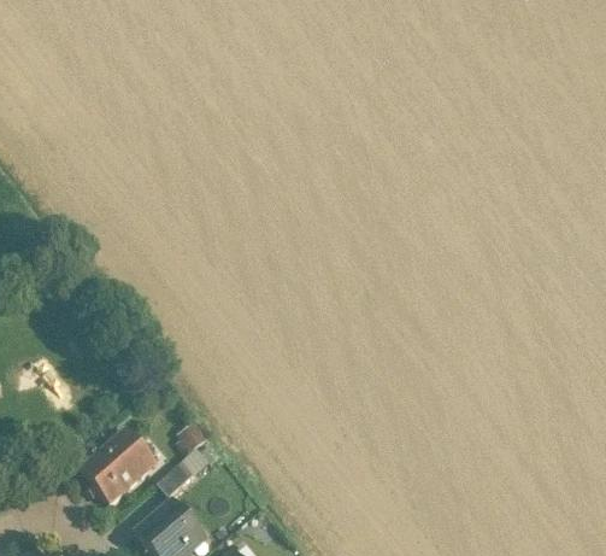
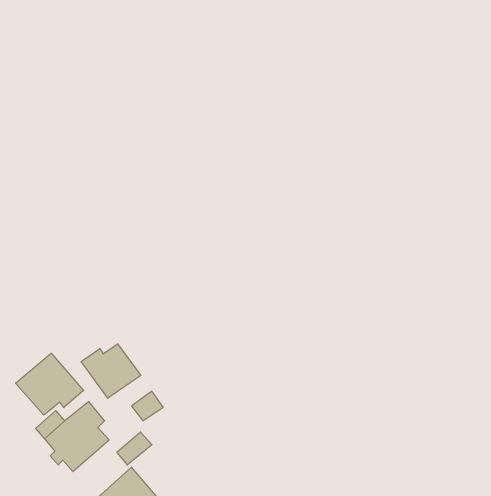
building: none -> [81,344,141,398]
building: none -> [16,353,84,415]

